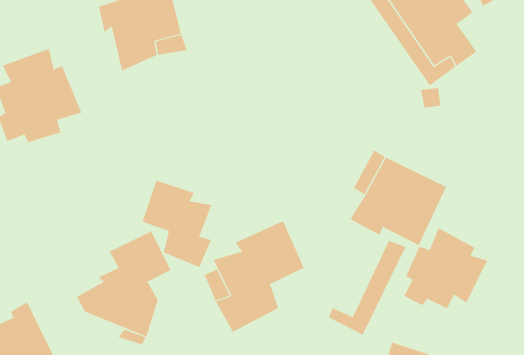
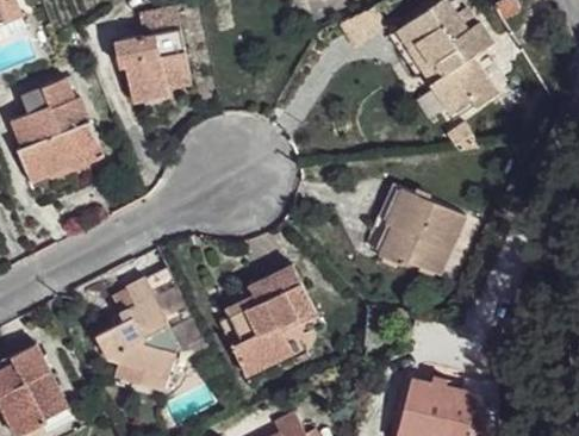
building: [142,180,212,268] -> none
building: [404,227,488,309] -> none
building: [329,240,406,336] -> none

